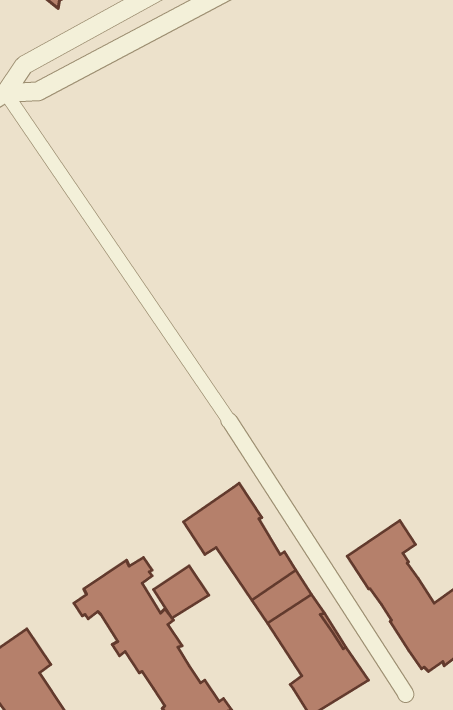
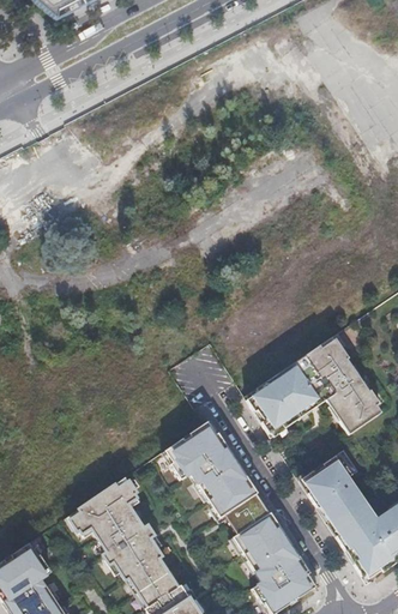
building: none -> [247,338,381,434]
building: [154,566,209,618] -> none

